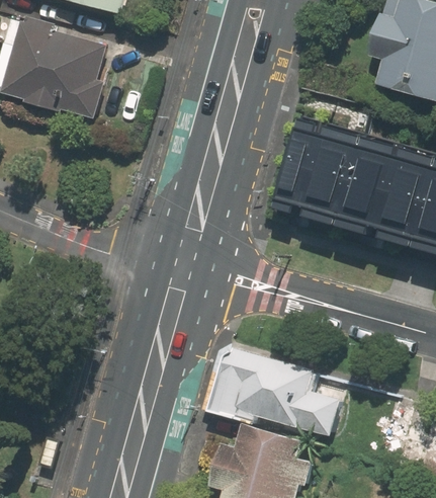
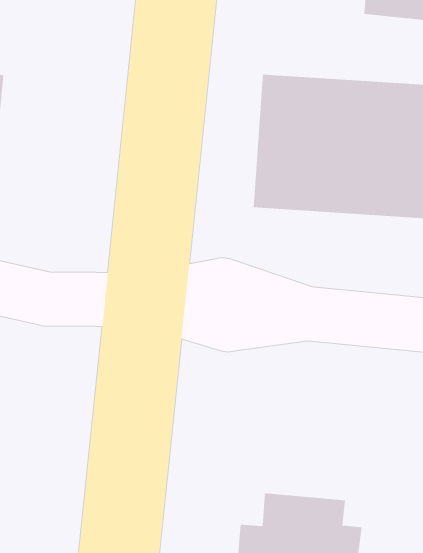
building: [208,348,340,437] -> none

